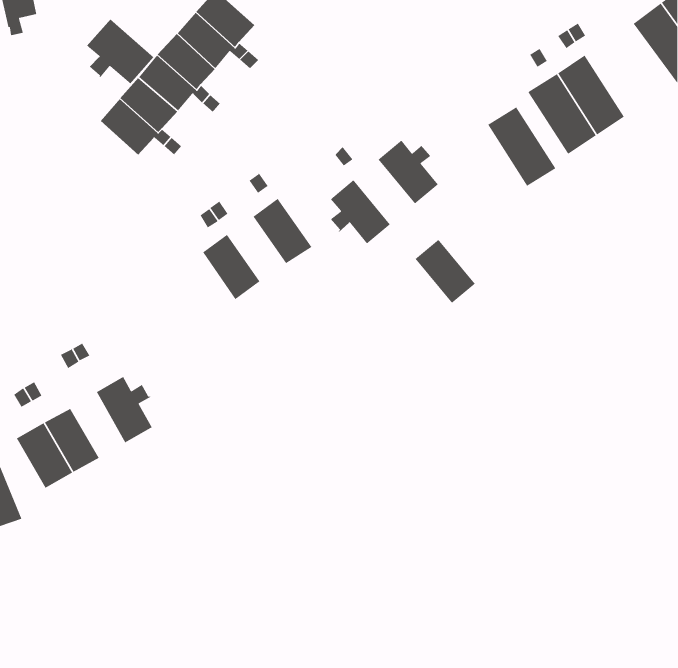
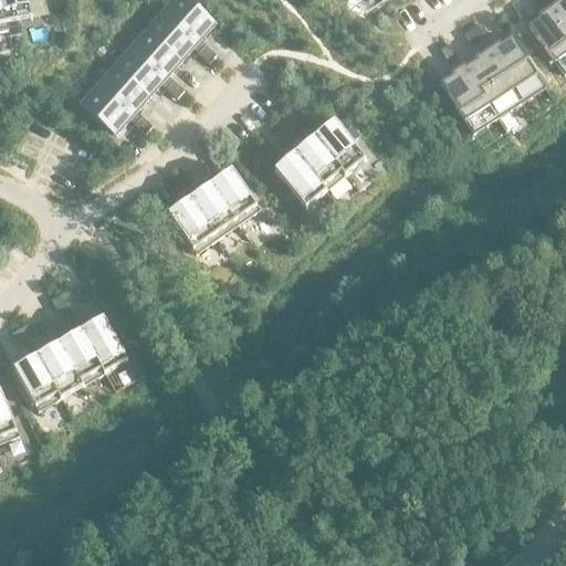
building: [86,19,155,85] -> none
building: [487,106,556,187] -> [486,30,544,97]
building: none -> [189,180,238,234]
building: [415,239,476,304] -> [294,133,345,187]
building: none -> [59,326,104,381]

